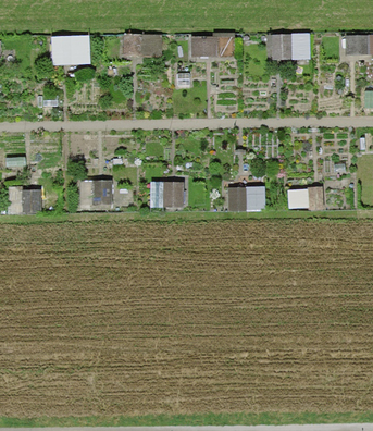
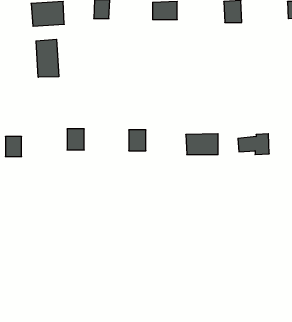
building: none -> [36,39,59,77]

